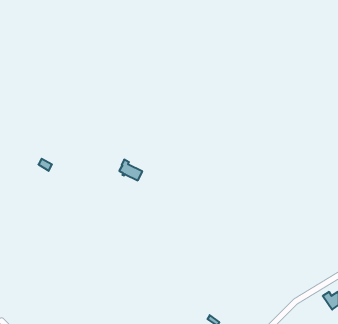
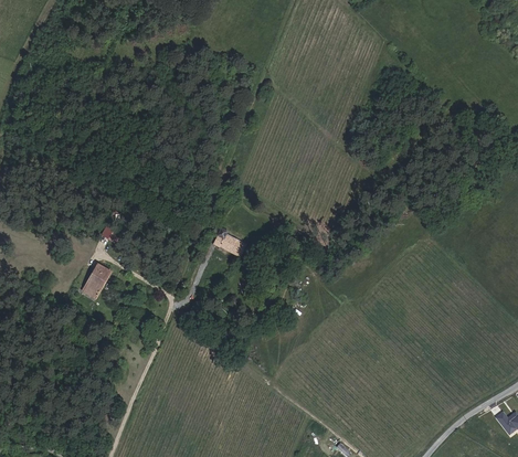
building: none -> [83,264,112,298]

